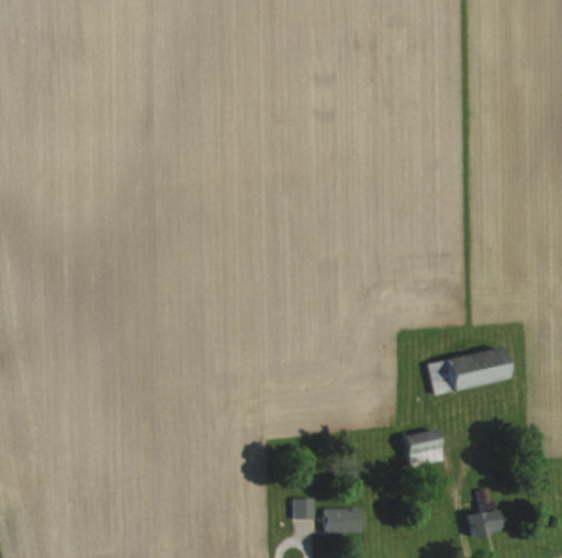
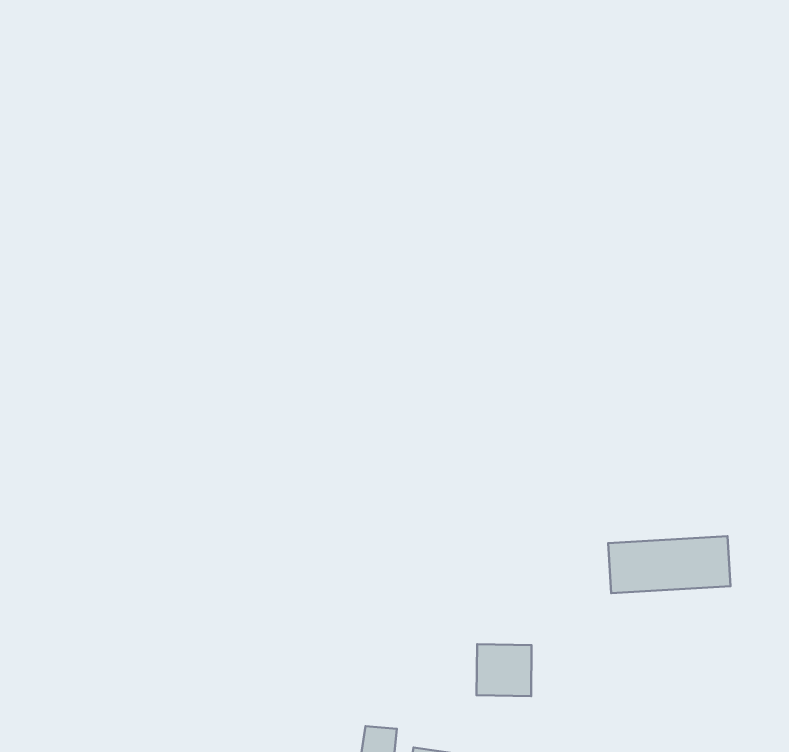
building: [405,429,443,466] -> [477,644,532,696]

